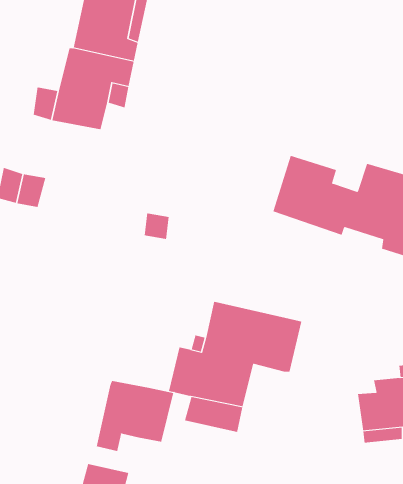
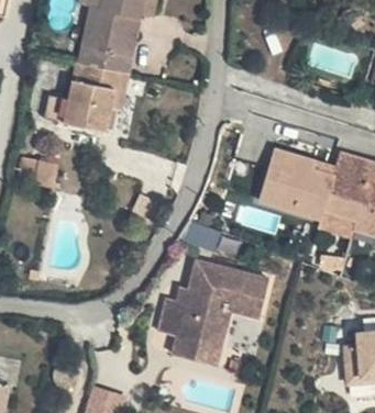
building: [96,380,174,452] -> none

